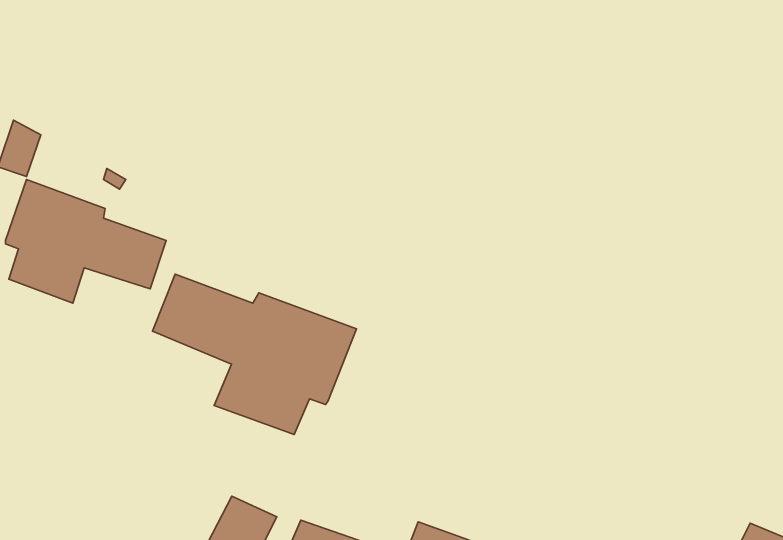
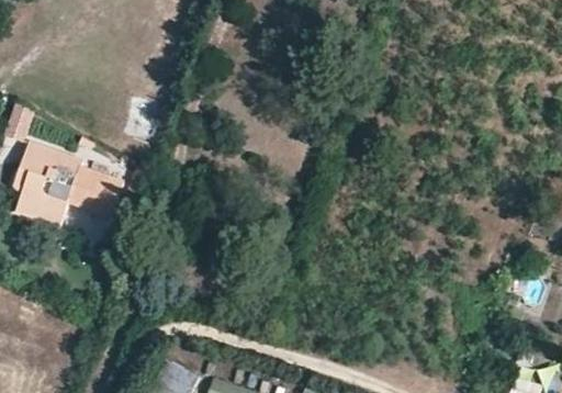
building: [152,274,357,434] -> none

